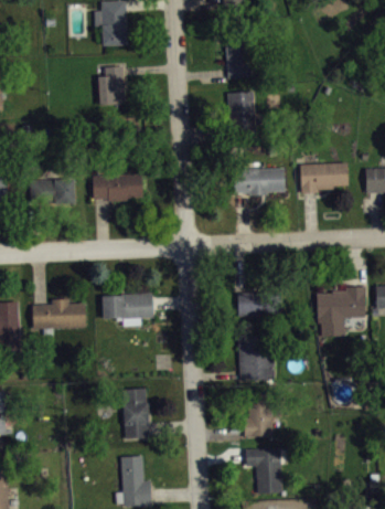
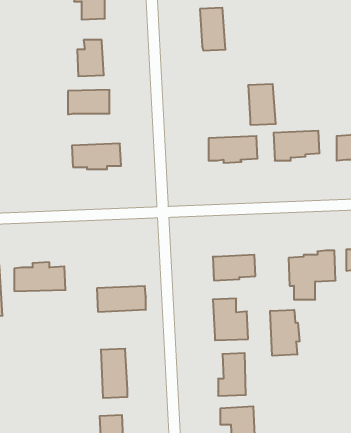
building: [228,93,257,135] -> [248,84,276,125]
building: [31,181,74,206] -> [68,90,110,114]
building: [103,293,153,319] -> [97,286,146,312]
building: none -> [270,310,300,356]

